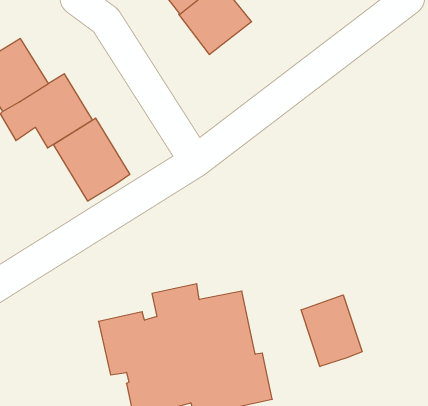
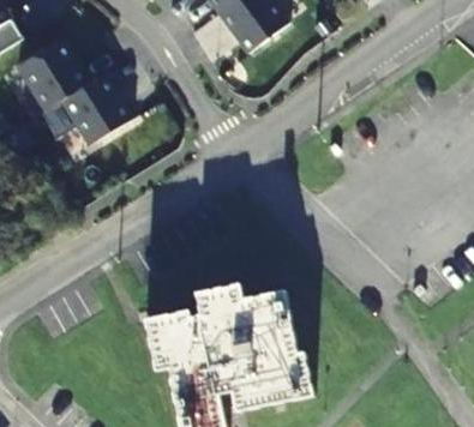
building: [53,118,130,201] -> none
building: [301,295,362,367] -> none

